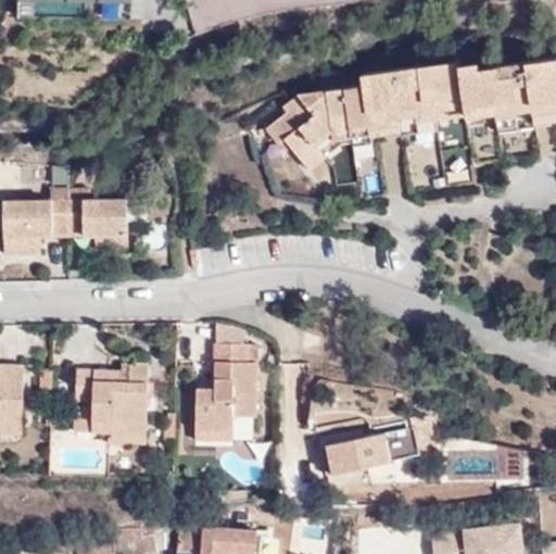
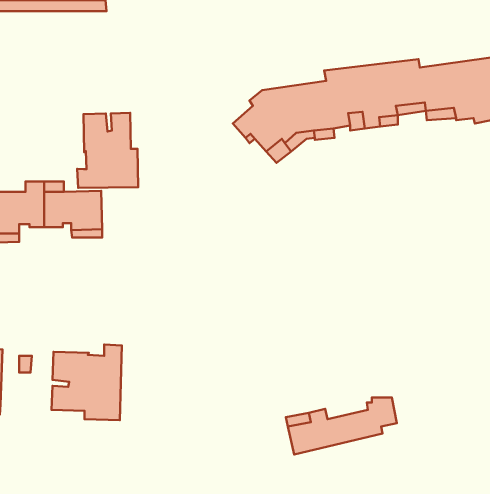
building: none -> [77,113,138,188]
building: [195,347,257,432] -> none

